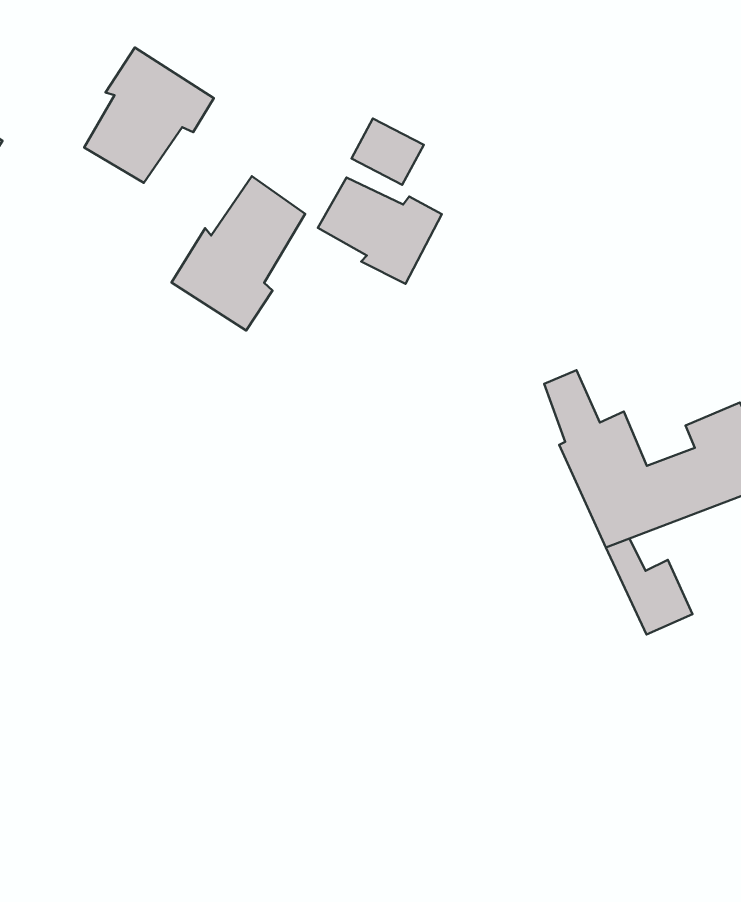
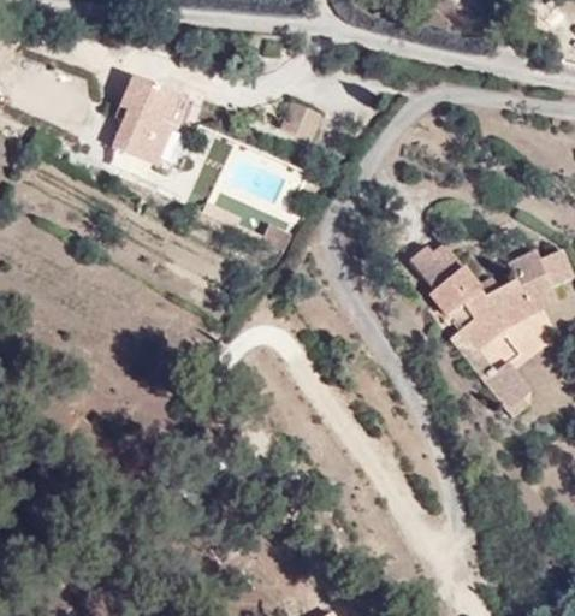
building: [171,176,305,330] -> none
building: [318,178,442,284] -> none

